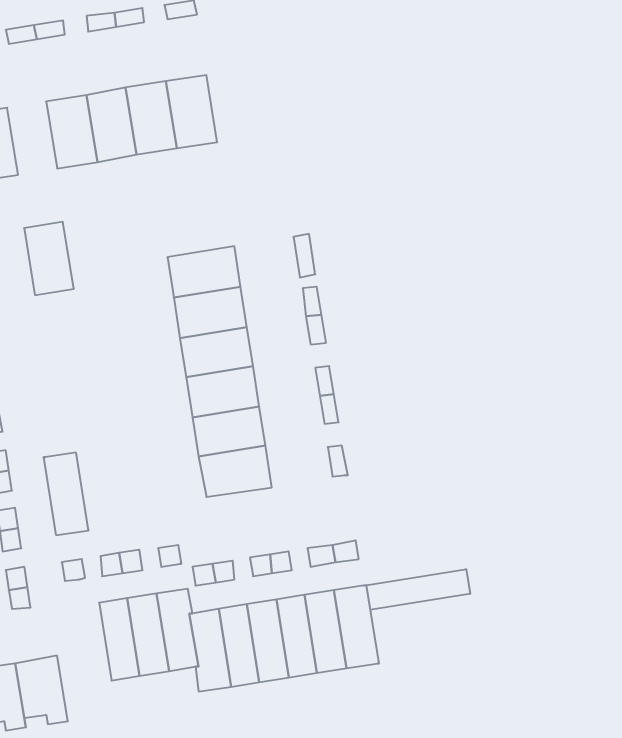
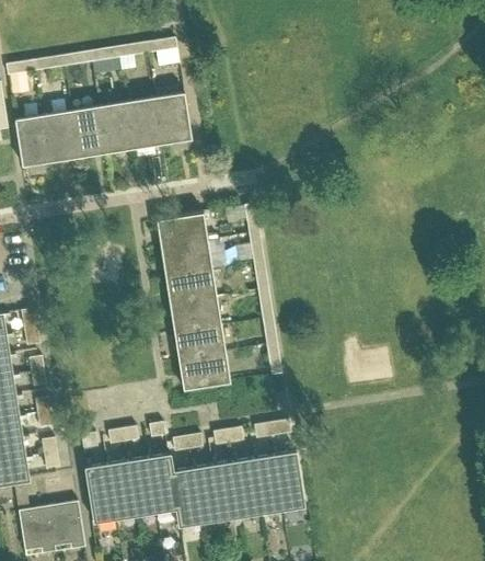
building: [24,222,74,295] -> [43,111,78,162]
building: [43,453,89,535] -> [84,463,116,522]
building: [366,569,470,610] -> none

